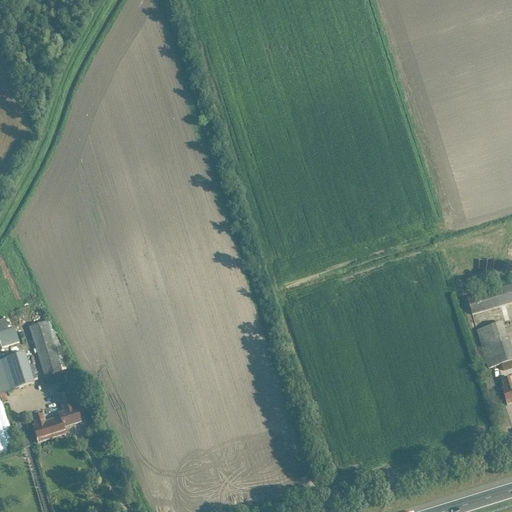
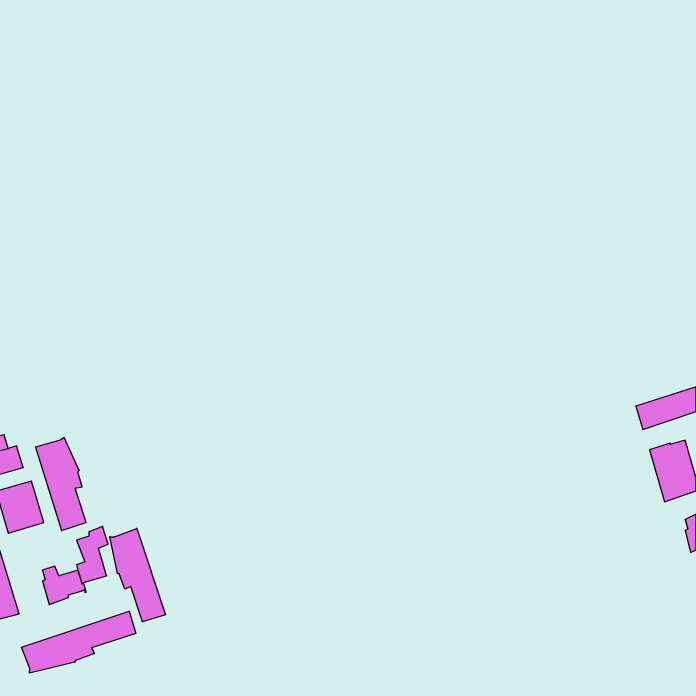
building: none -> [110,528,166,622]
building: none -> [22,611,136,673]

